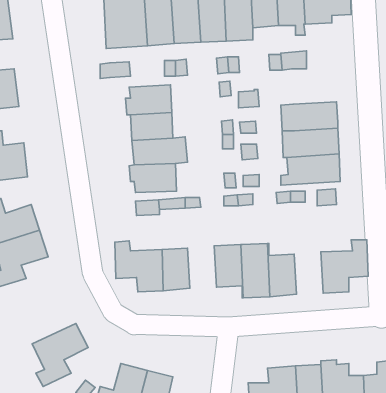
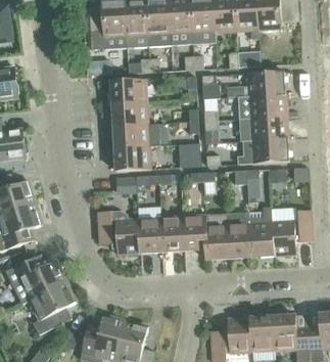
building: none -> [226,72,285,97]
building: none -> [159,216,184,252]
building: none -> [249,221,274,257]
building: none -> [6,253,65,302]

